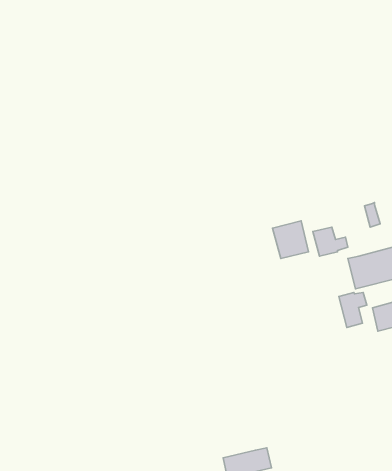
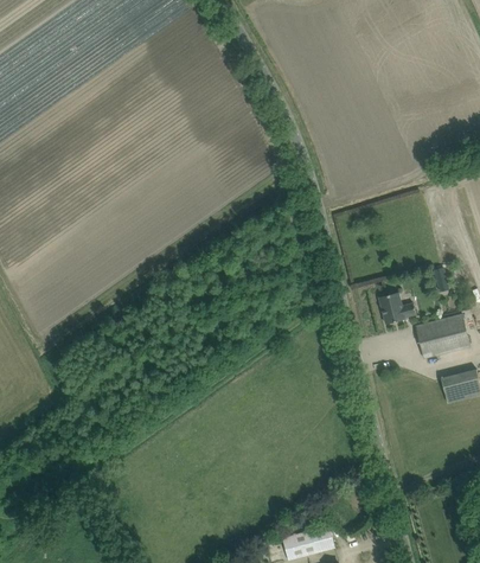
building: [273,221,308,258] -> none
building: [339,293,367,328] -> none

